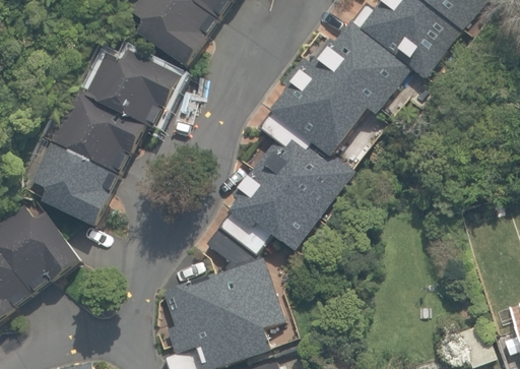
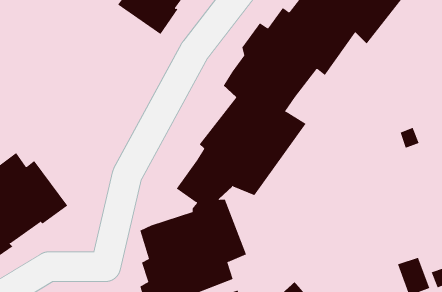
building: [30,49,185,228] -> none

